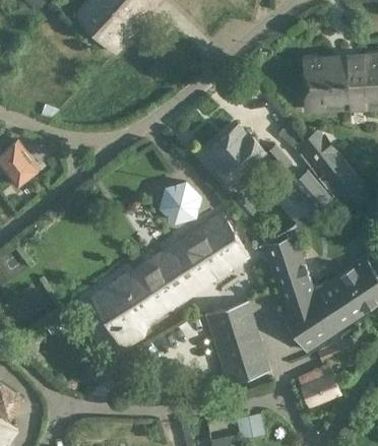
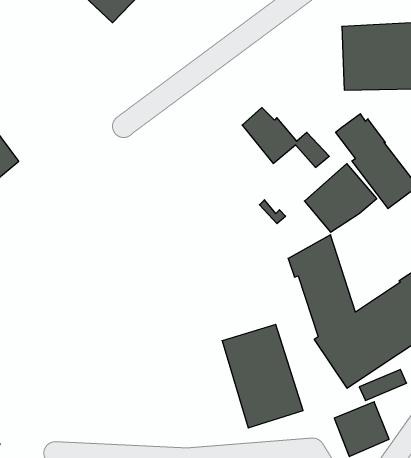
building: [206,138,254,191] -> none
building: [159,182,201,222] -> none
building: [89,211,250,349] -> none

